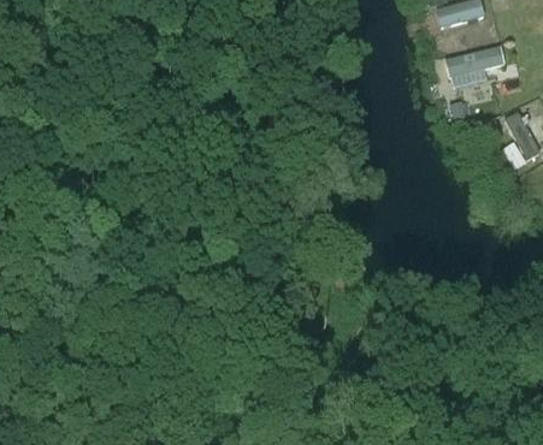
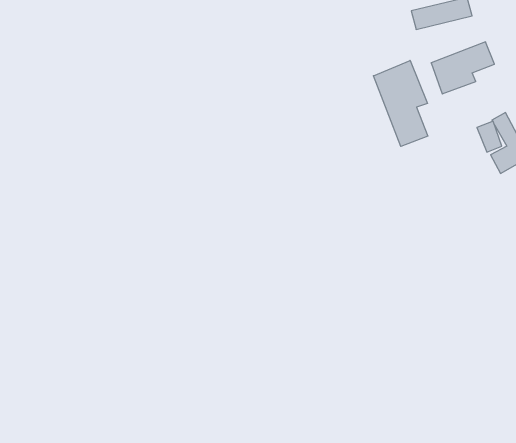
building: none -> [373,60,428,146]

